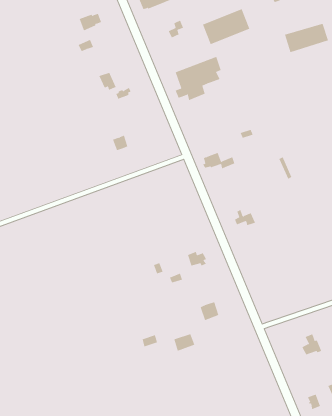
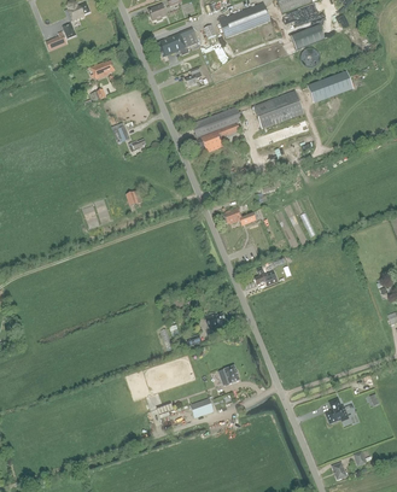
building: [202,8,250,45] -> [252,90,303,129]

